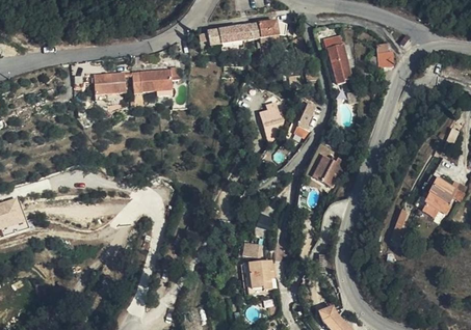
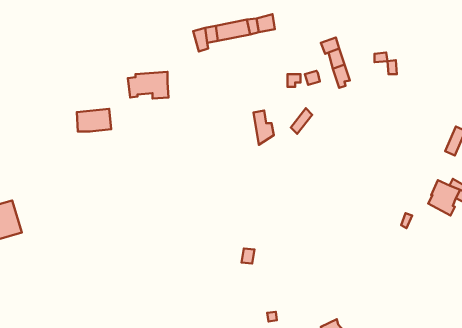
building: [96,75,129,97] -> [77,109,111,131]
building: [313,163,342,190] -> none
building: [250,259,274,288] -> none

